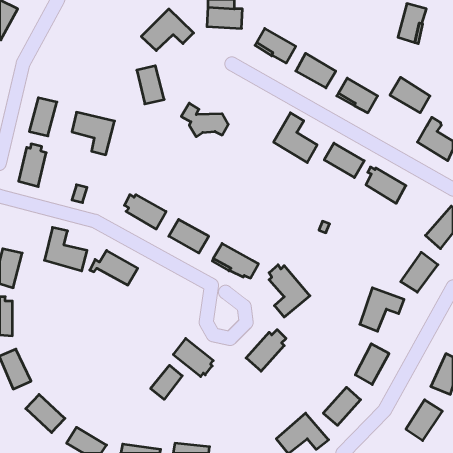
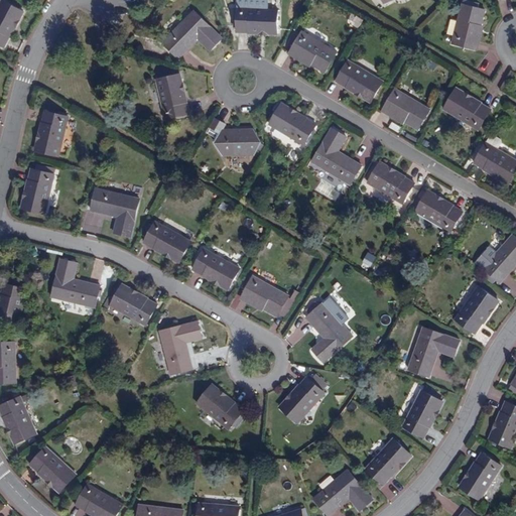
building: none -> [268,103,314,143]
building: [72,112,115,155] -> [91,186,139,235]
building: none -> [159,321,201,373]
building: [151,365,182,399] -> none

